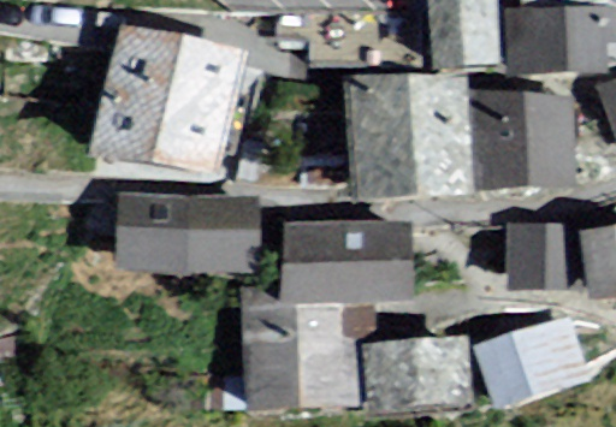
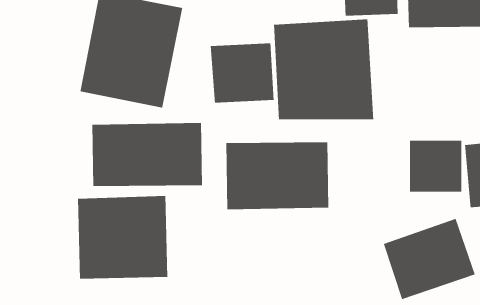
building: [482,87,567,189] -> none
building: none -> [210,42,275,104]
building: [245,303,357,407] -> [77,195,168,279]
building: [366,334,468,408] -> none

